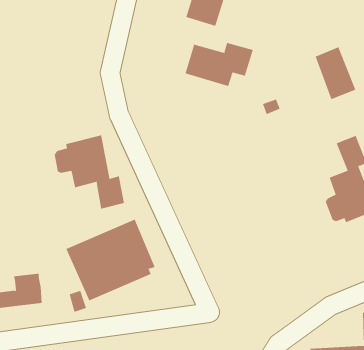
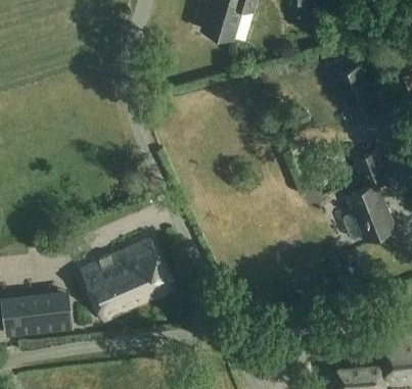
building: [185,42,253,87] -> none
building: [54,134,125,210] -> none

